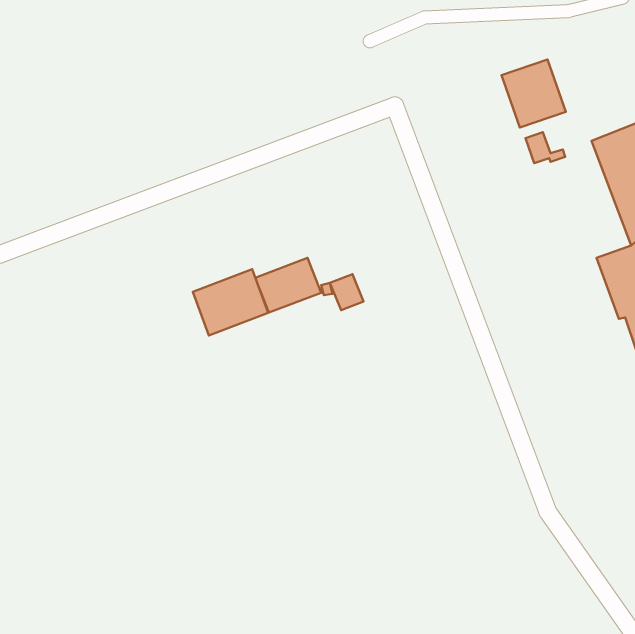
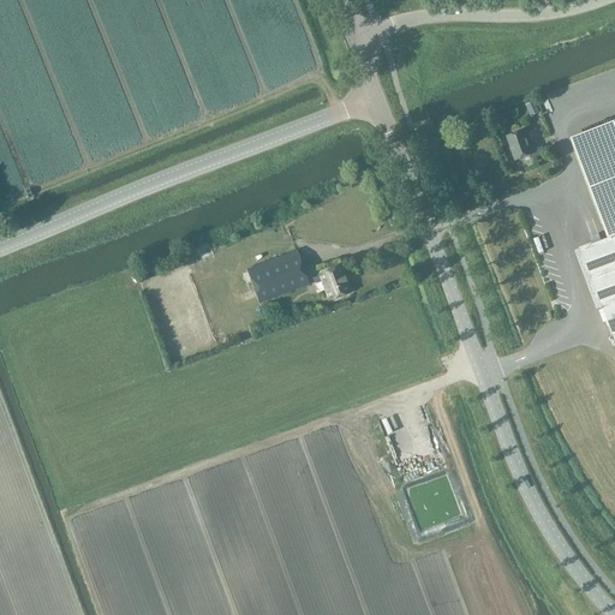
building: [502,60,566,127] -> none
building: [193,269,268,335] -> none

